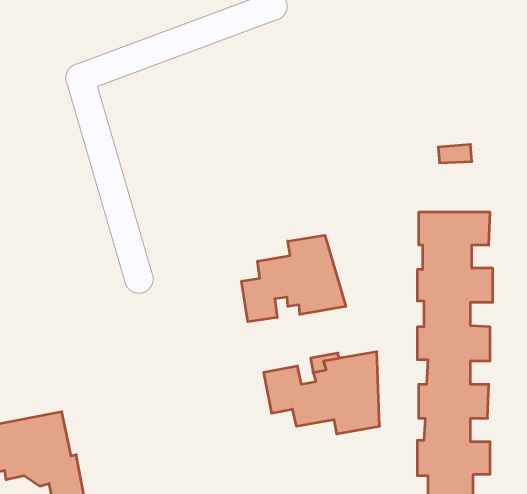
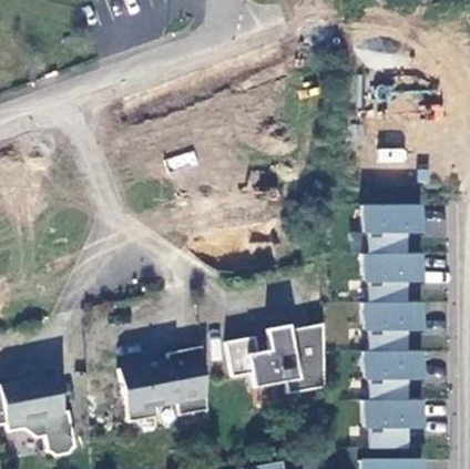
building: [242,235,346,322] -> none
building: none -> [122,346,211,421]

